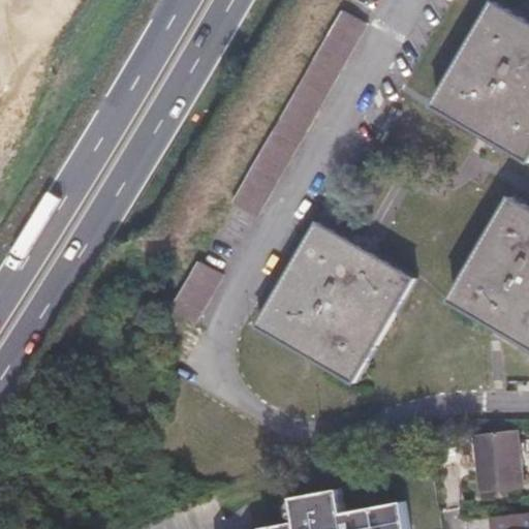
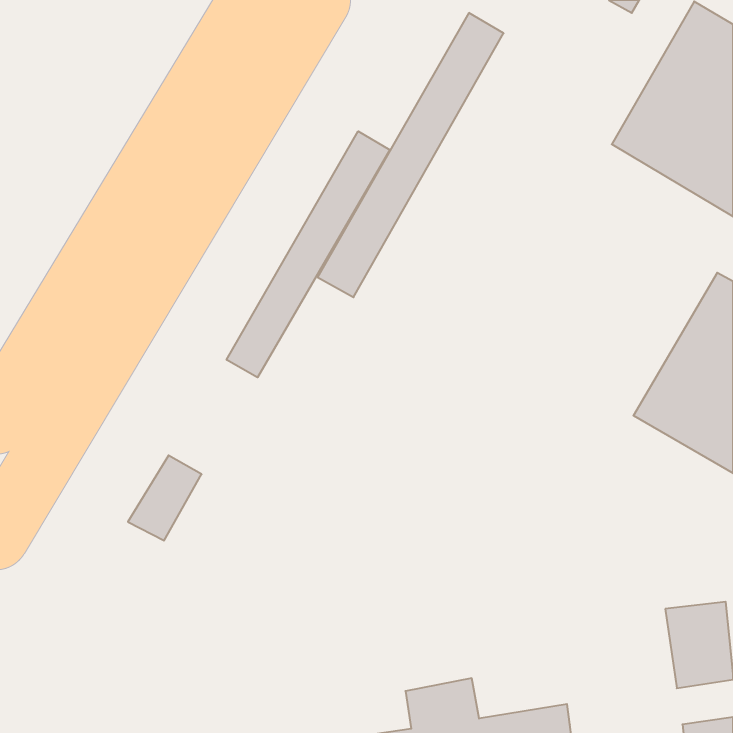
building: none -> [227,131,390,377]
building: [262,224,418,382] -> none
building: [164,264,217,325] -> [128,455,202,541]

